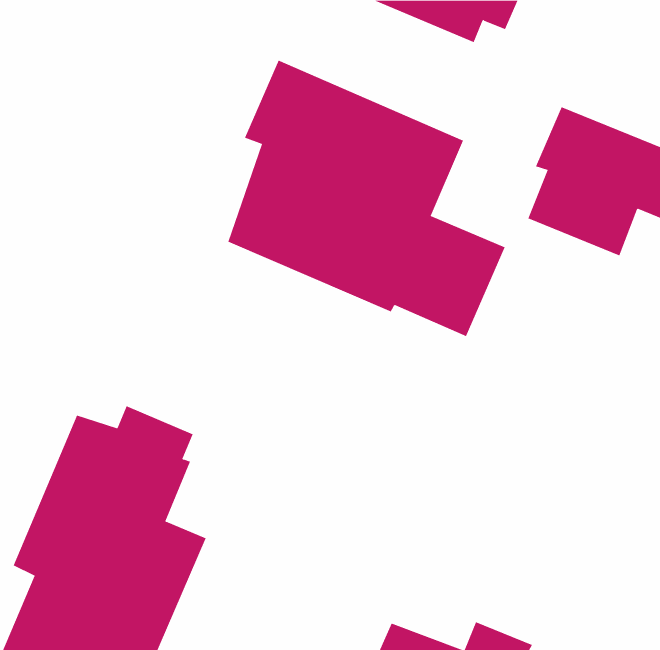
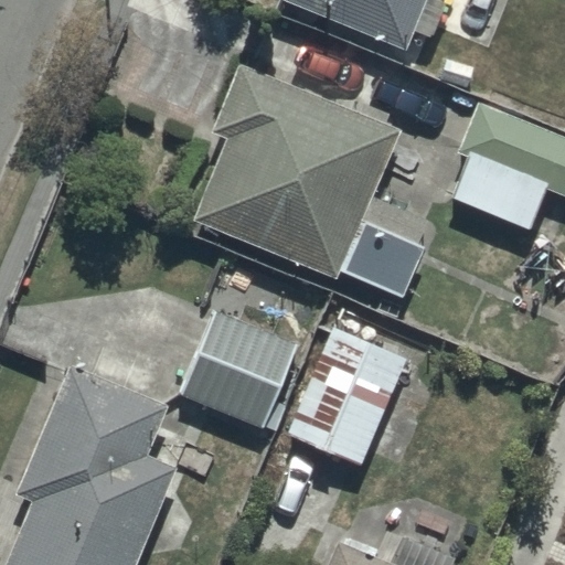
building: none -> [185,312,302,429]
building: none -> [285,324,406,469]

